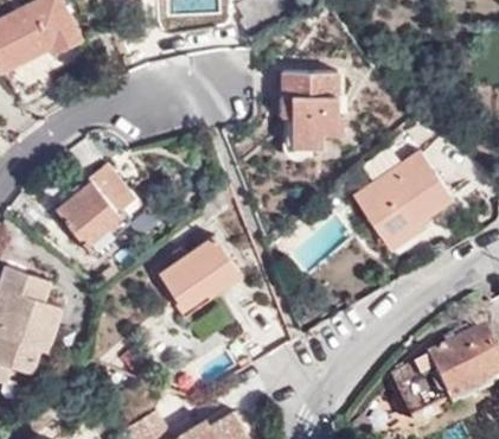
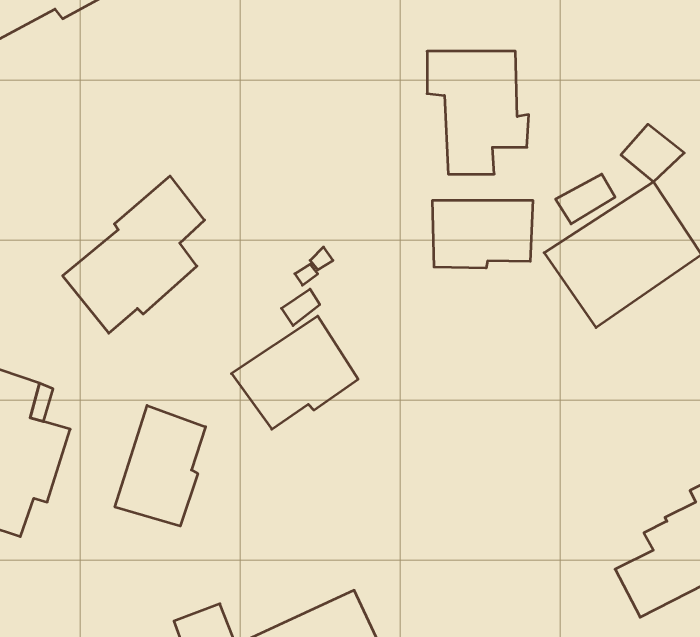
building: none -> [433,200,533,268]
building: none -> [115,405,206,526]

